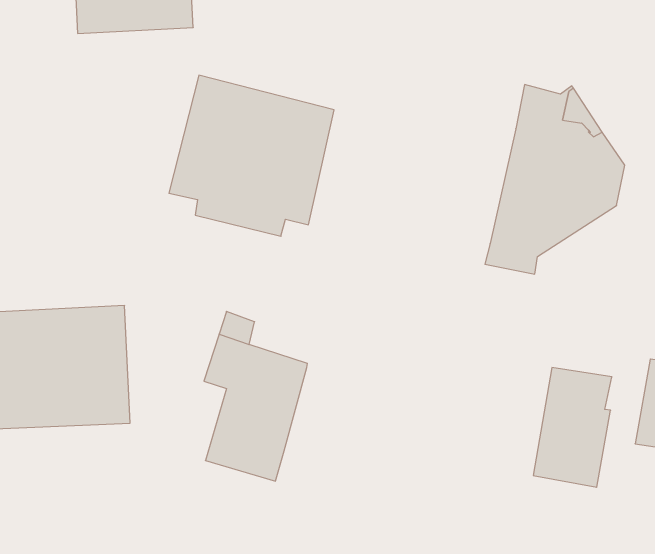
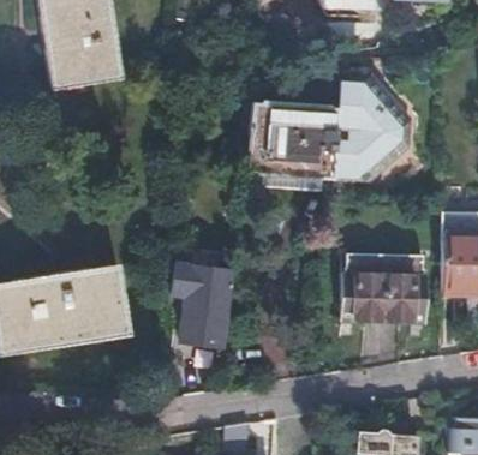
building: [169,75,334,236] -> [246,102,339,192]
building: none -> [339,252,383,319]

